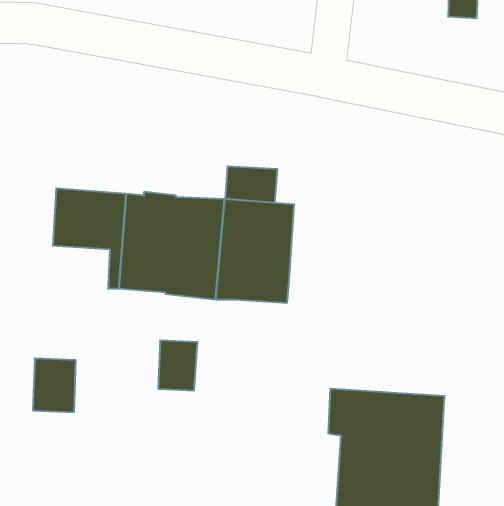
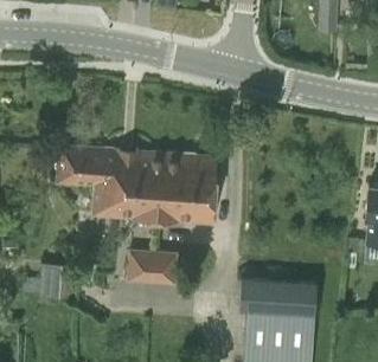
building: [225,166,277,203] -> none
building: none -> [150,248,177,282]

